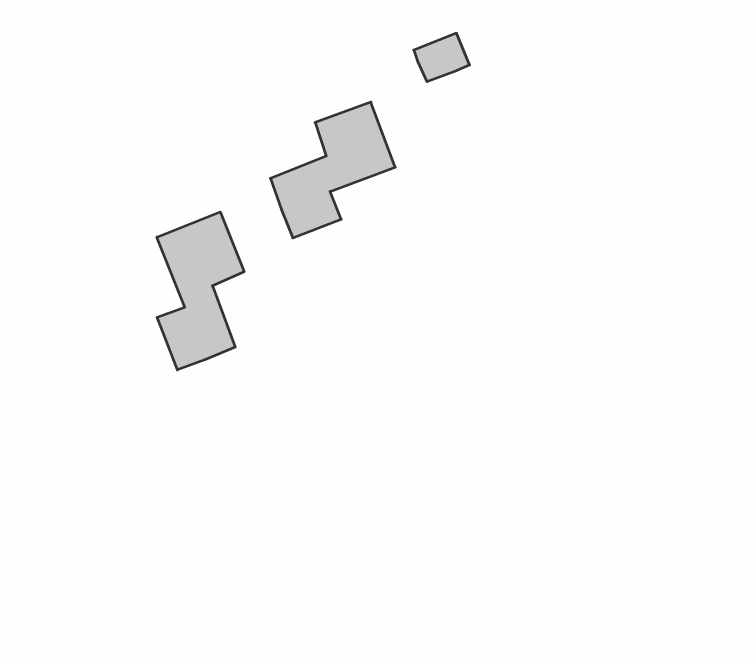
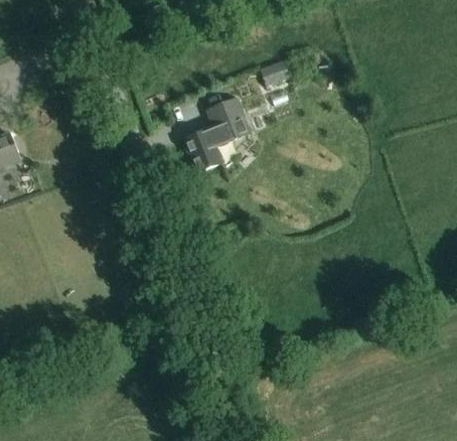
building: [157,212,244,370] -> none

